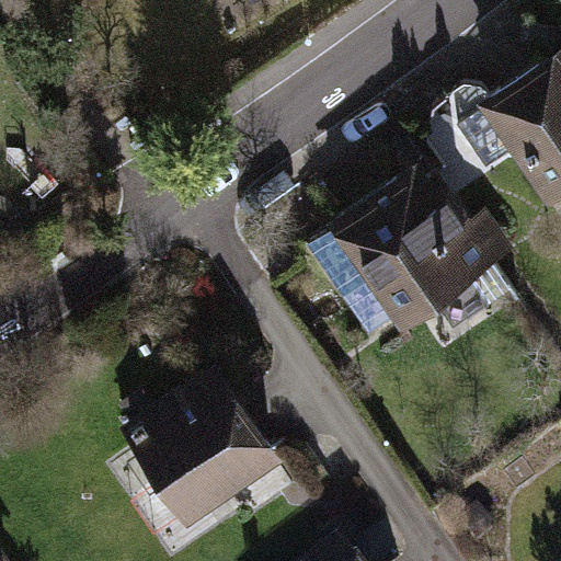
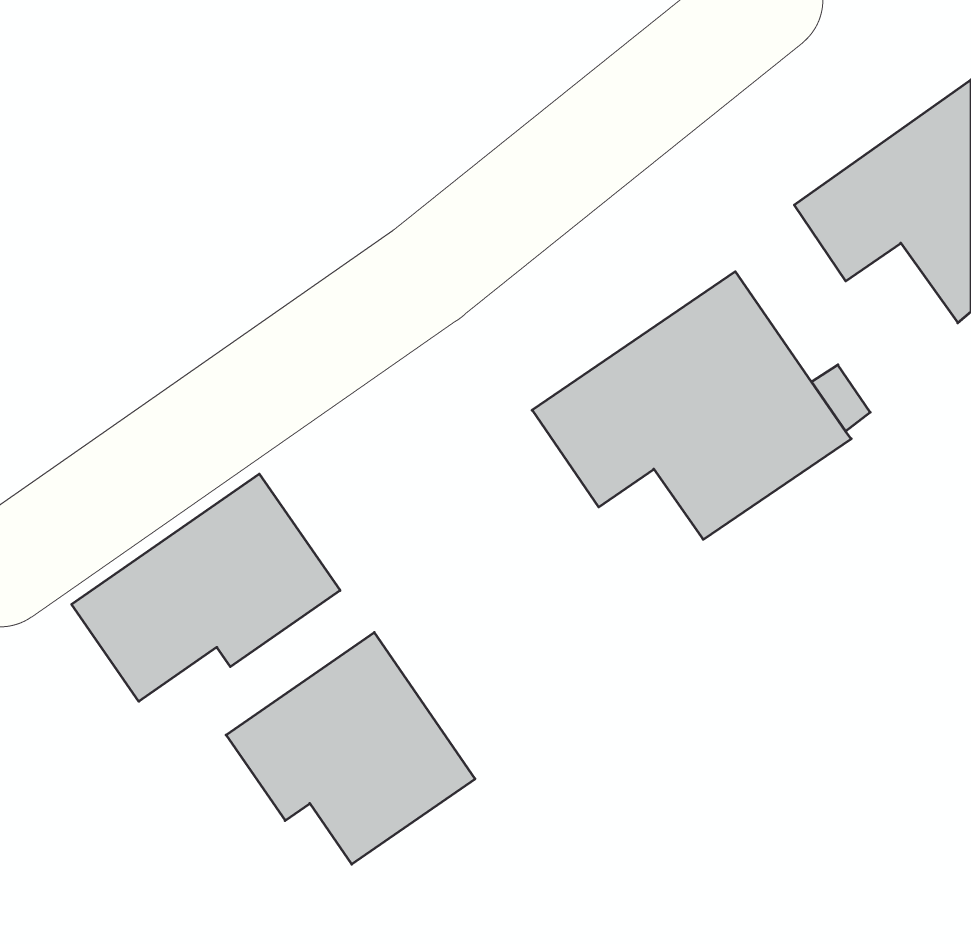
building: none -> [72,474,340,701]

